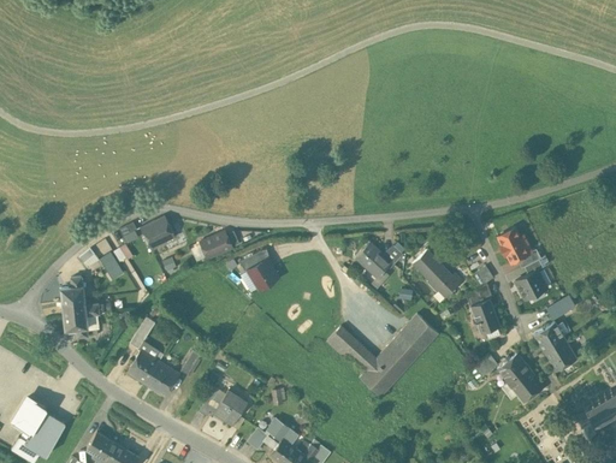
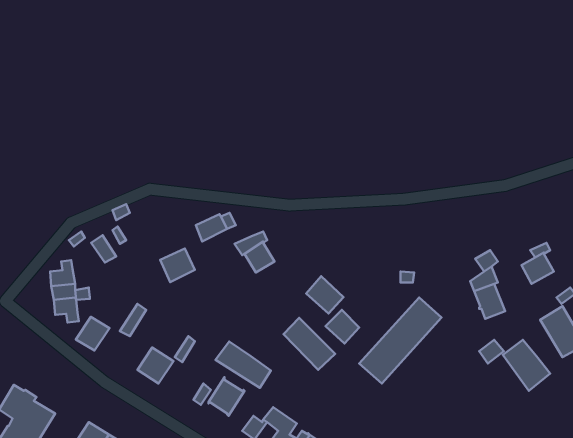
building: [142,216,176,249] -> [160,249,195,282]
building: [497,228,533,263] -> none
building: [356,242,392,278] -> [306,276,344,313]
building: [413,249,462,297] -> none
building: none -> [283,318,335,370]
building: [128,350,160,382] -> [76,317,110,351]
building: none -> [216,342,271,388]

